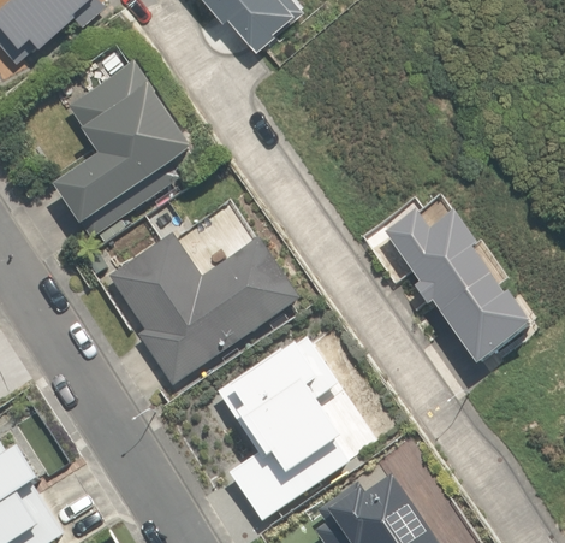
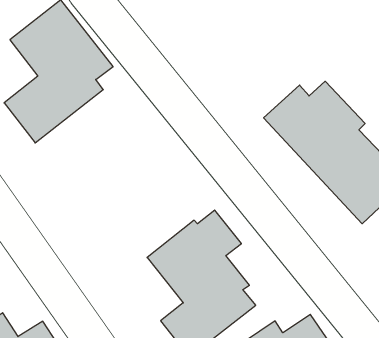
building: [106,232,298,384] -> none

